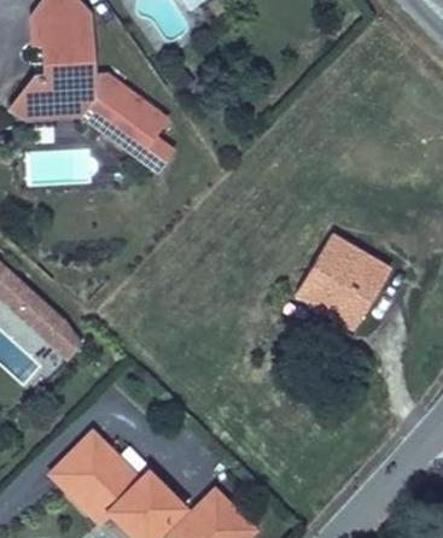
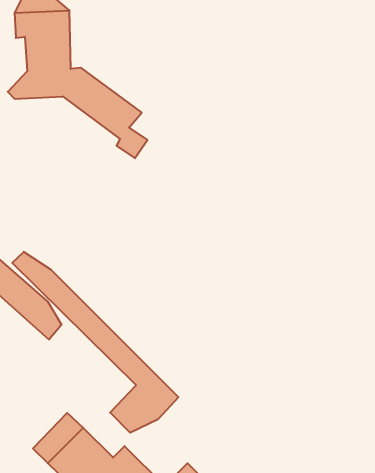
building: [296,235,387,332] -> none
building: none -> [12,252,178,433]

